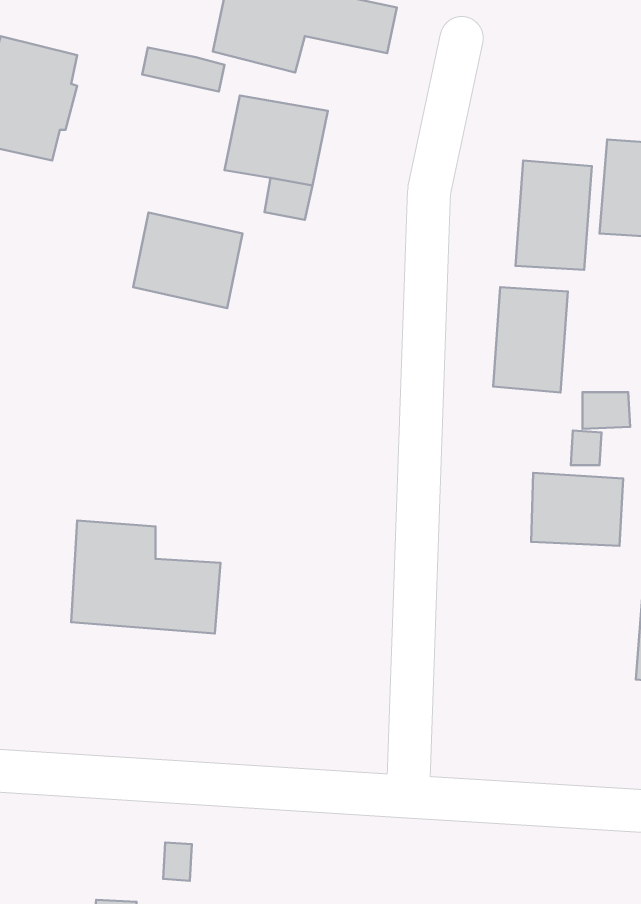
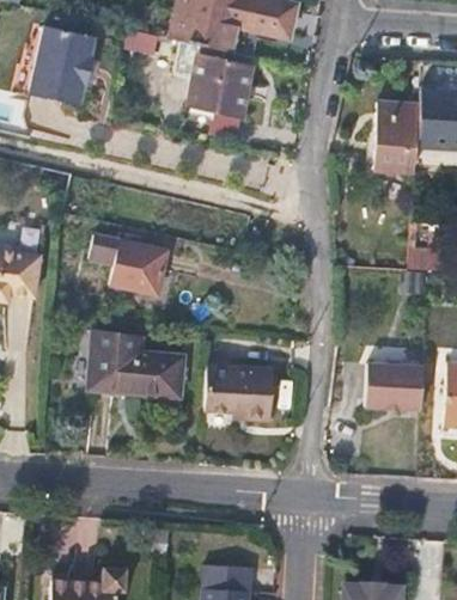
building: [133,213,242,308] -> [99,241,167,301]
building: [493,287,568,392] -> none
building: [531,473,623,546] -> [365,365,422,410]
building: none -> [203,365,269,418]

